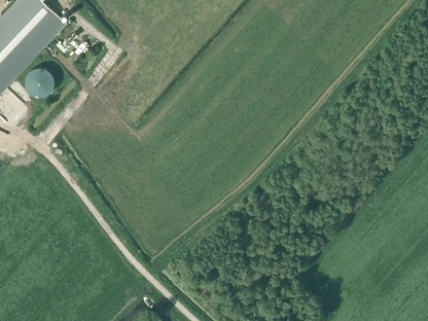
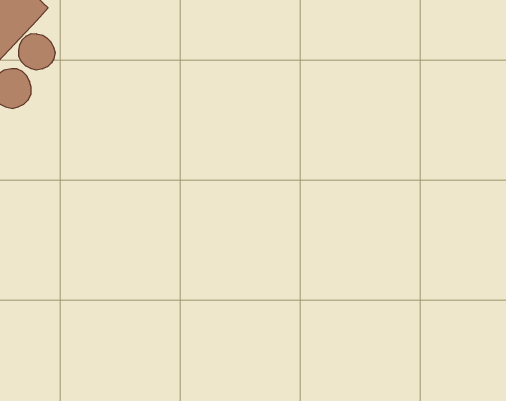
building: none -> [19,34,55,70]

